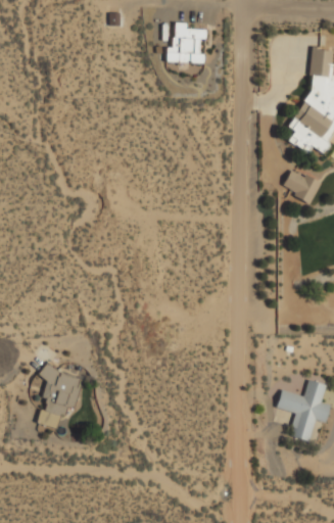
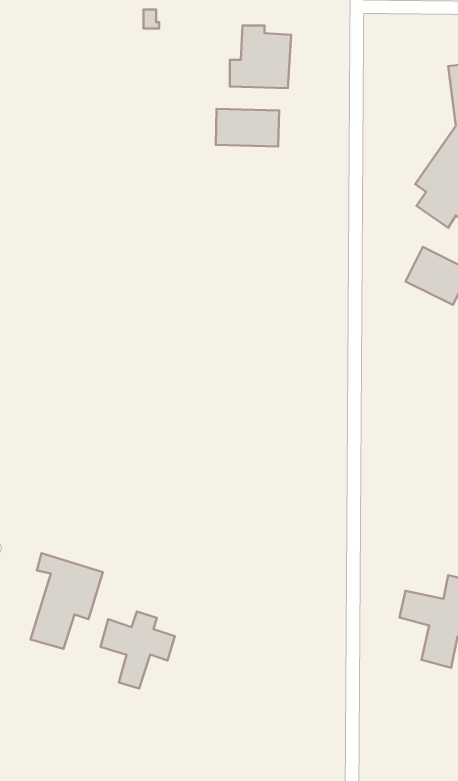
building: none -> [216,109,279,147]
building: none -> [101,612,175,688]

